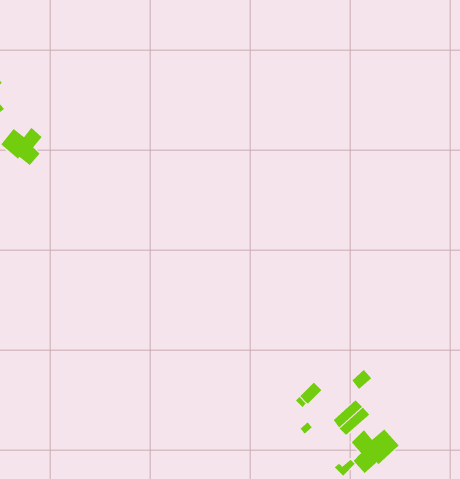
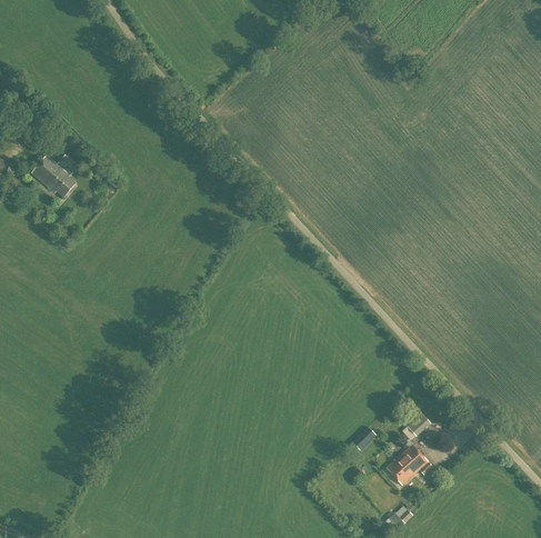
building: [351,428,400,474] -> none

